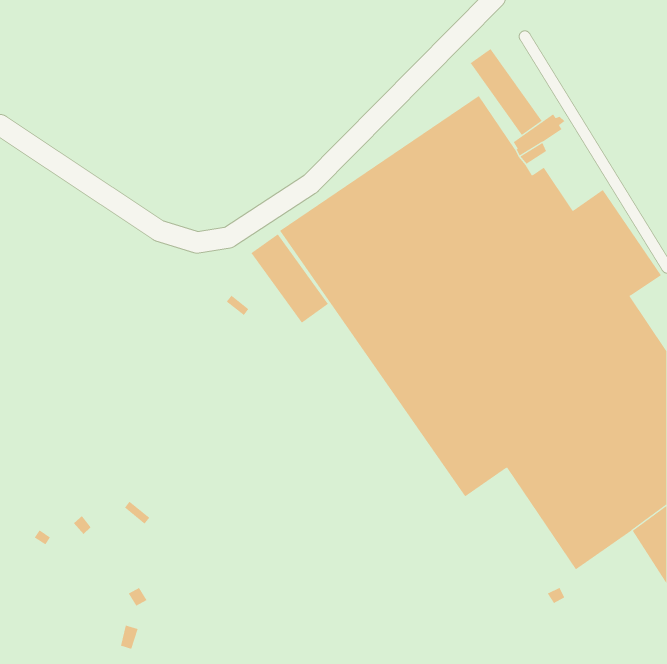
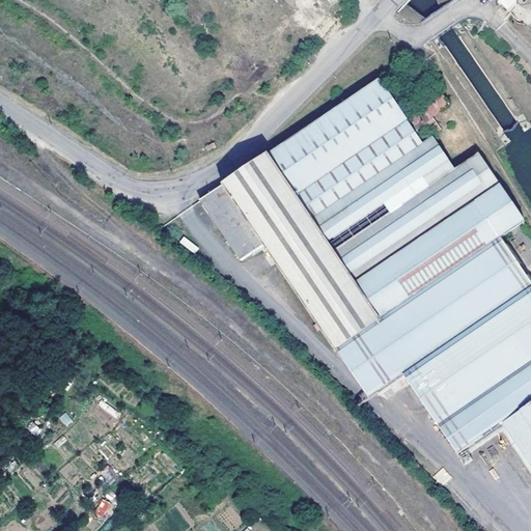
building: [470,48,542,136] -> none

